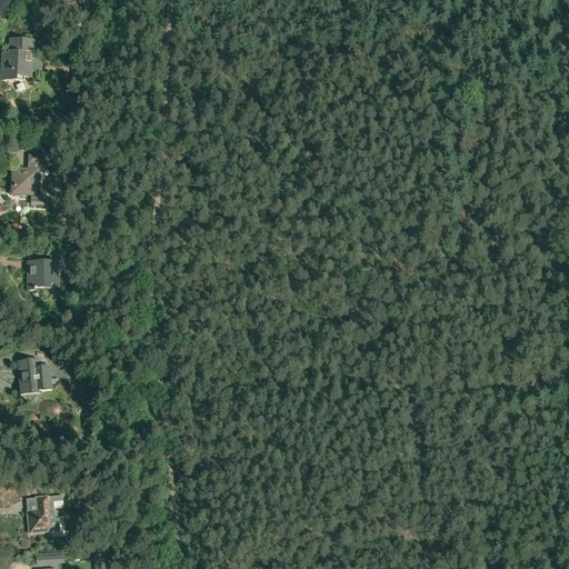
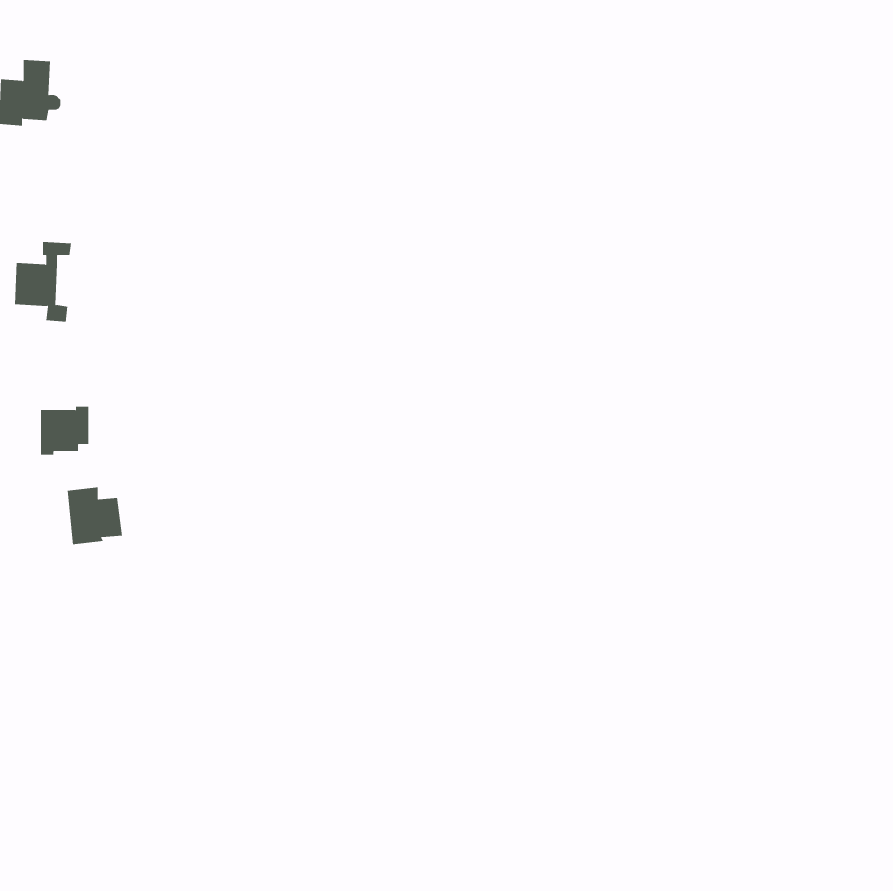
building: [16,358,51,395] -> [67,487,123,545]
building: [26,496,54,532] -> none

